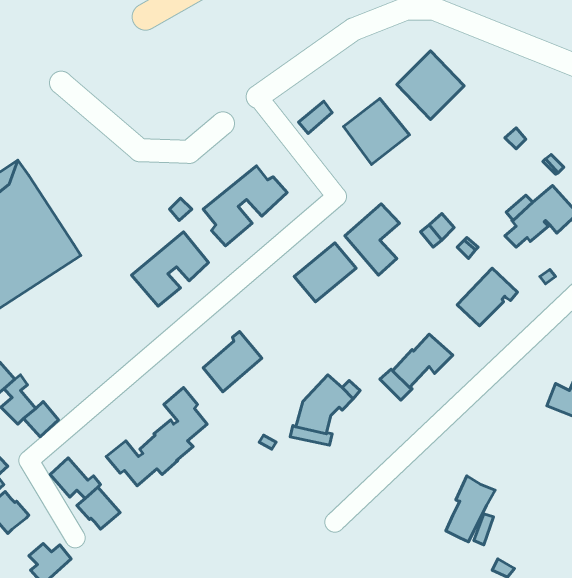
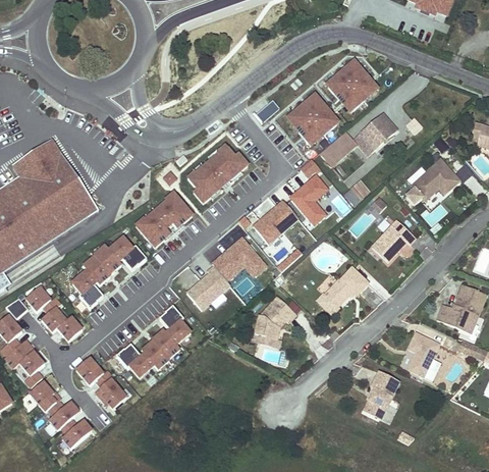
building: none -> [320,113,395,166]
building: none -> [214,235,268,278]
building: none -> [71,237,146,309]
building: none -> [406,331,438,375]
building: none -> [48,401,78,430]

